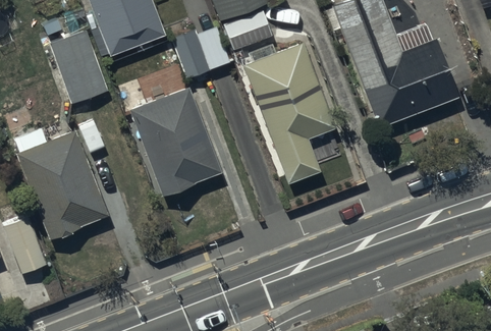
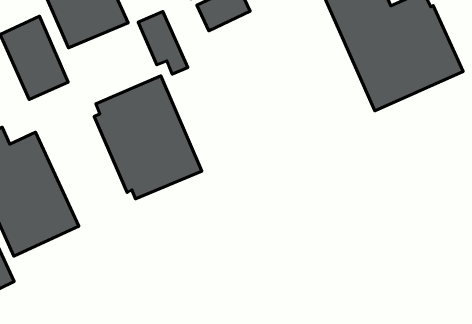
building: [244,43,336,185] -> none

